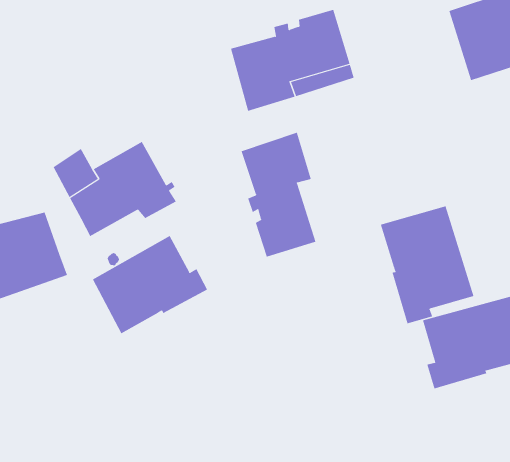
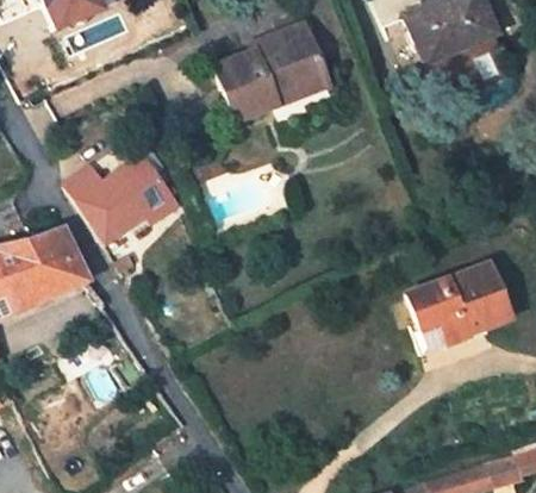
building: [241,132,316,257] -> none
building: [380,205,474,324] -> none
building: [92,235,208,334] -> none

